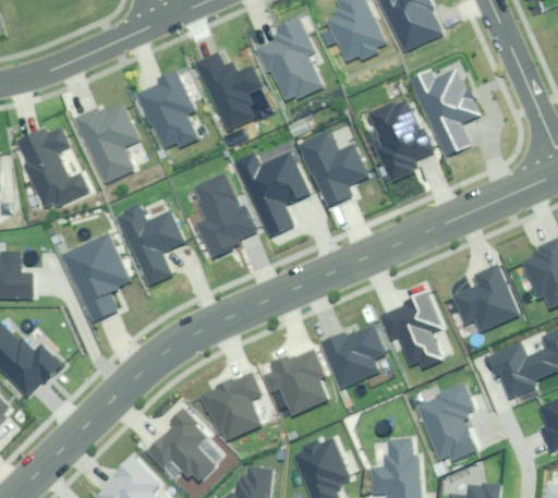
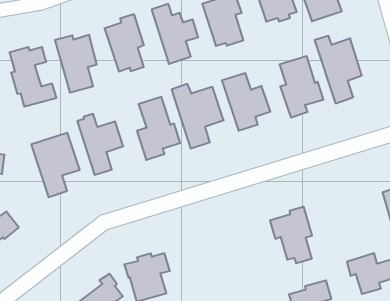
building: [457,265,520,330] -> none
building: [325,325,385,386] -> none
building: [266,348,327,413] -> none

